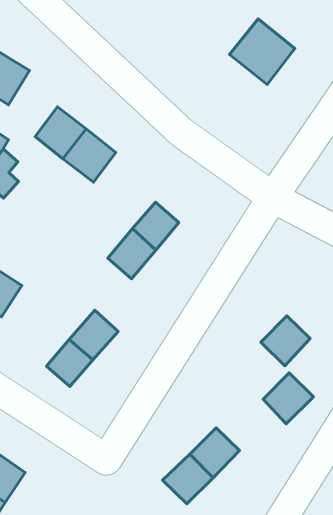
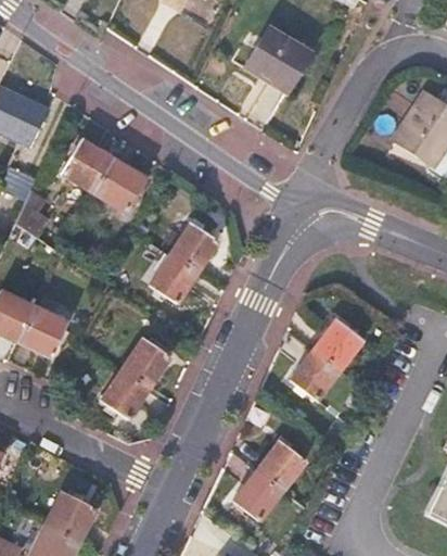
building: [263,373,313,424] -> [291,350,341,401]

